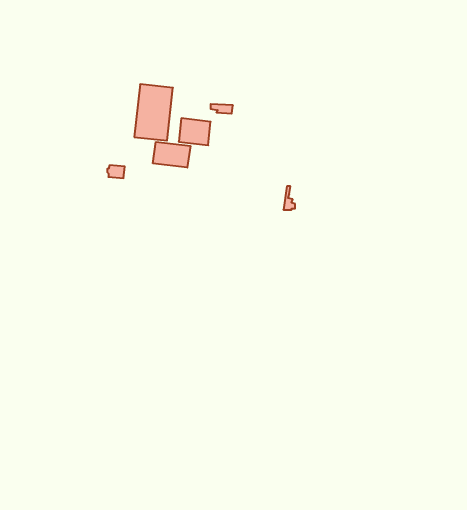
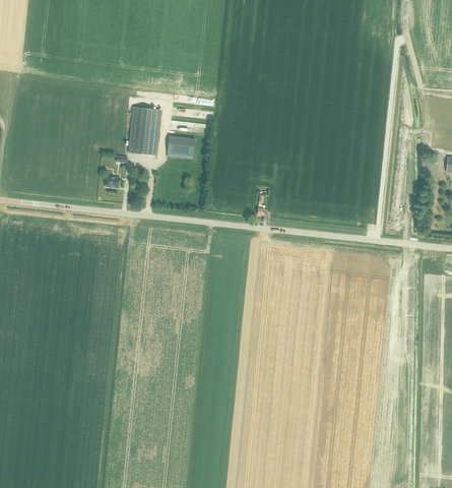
building: [153,142,190,168] -> none

